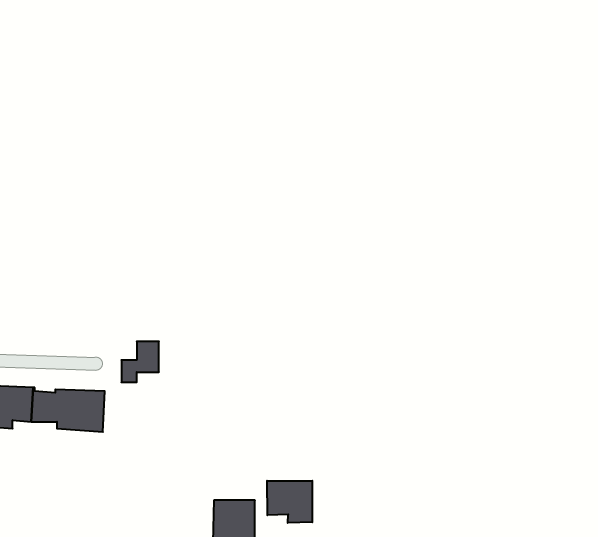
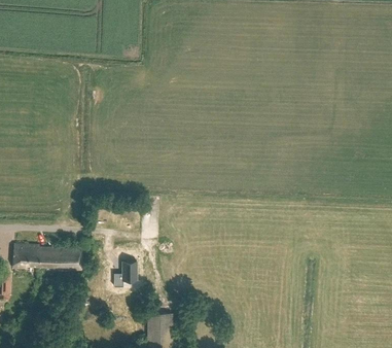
building: [121,341,159,382] -> [113,260,136,285]
building: [267,481,312,523] -> none

